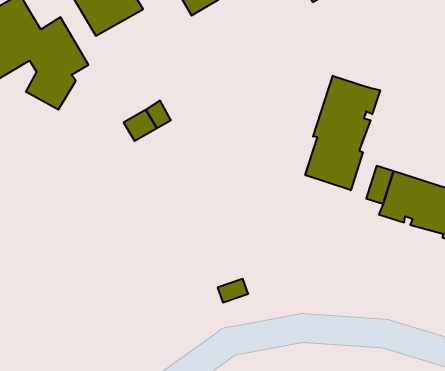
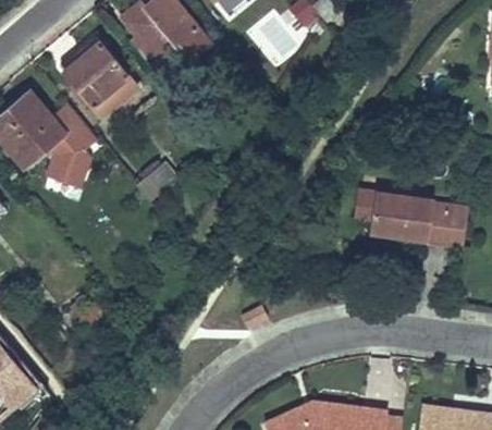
building: [305,76,380,190] -> none

